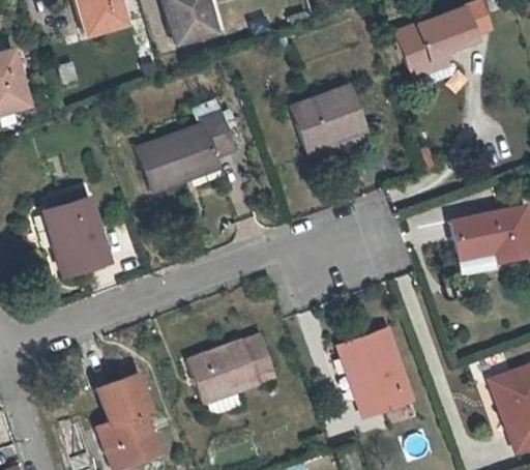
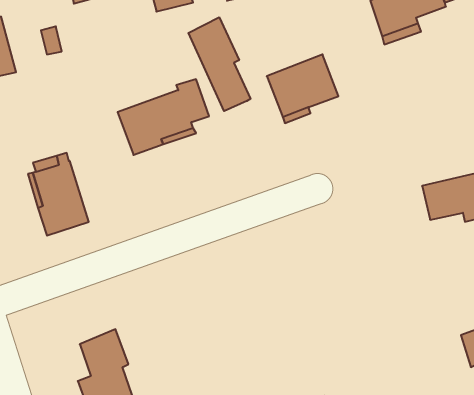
building: none -> [188,17,250,111]
building: [338,327,412,412] -> none
building: [187,334,274,417] -> none

